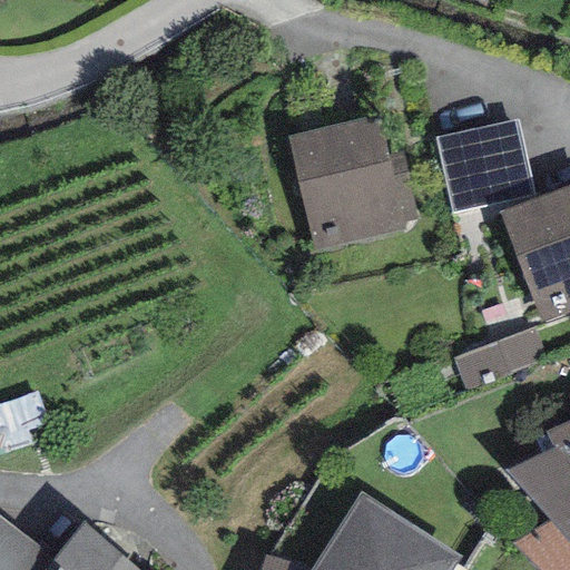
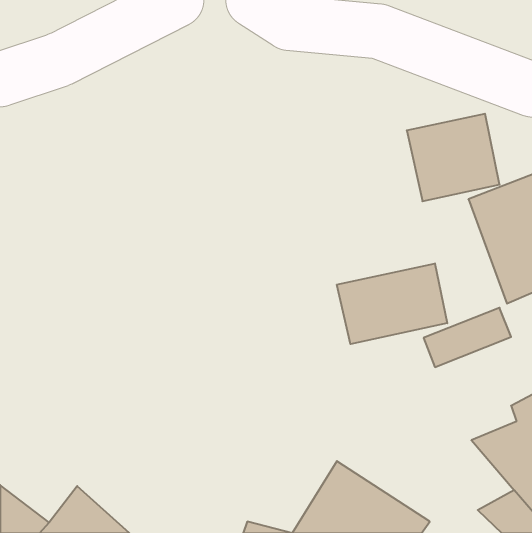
building: [287,115,416,253] -> none
building: none -> [337,263,447,344]

